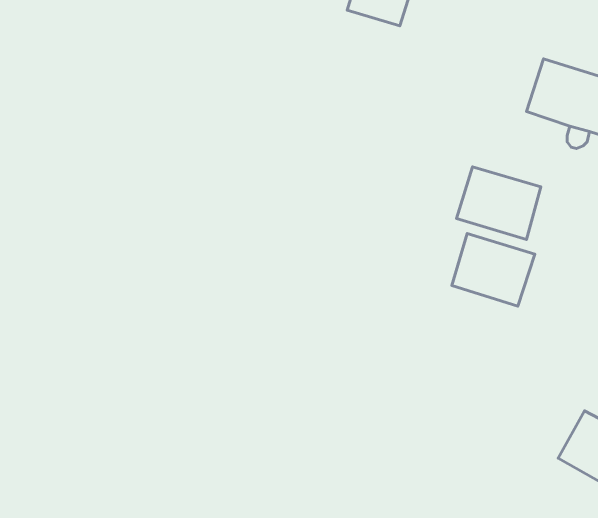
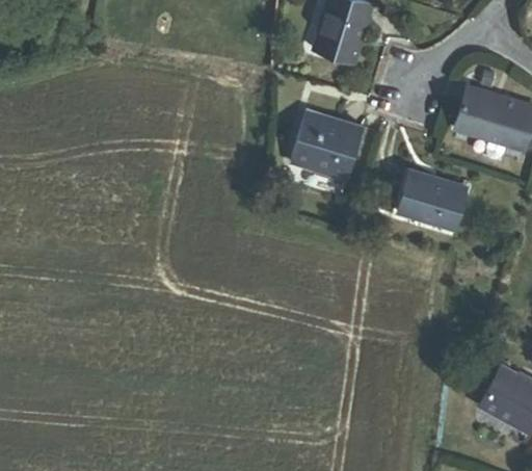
building: none -> [291,110,363,178]
building: [452,234,535,306] -> none

